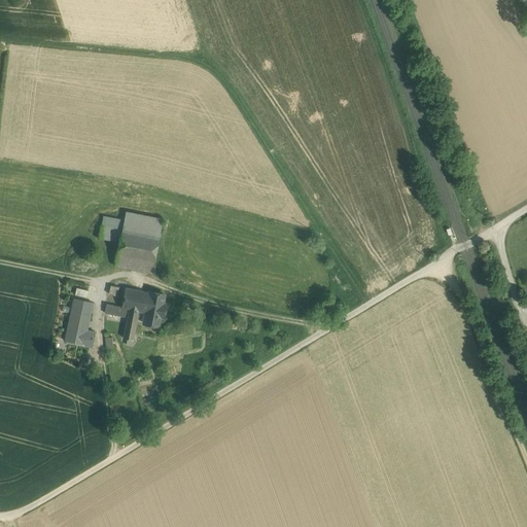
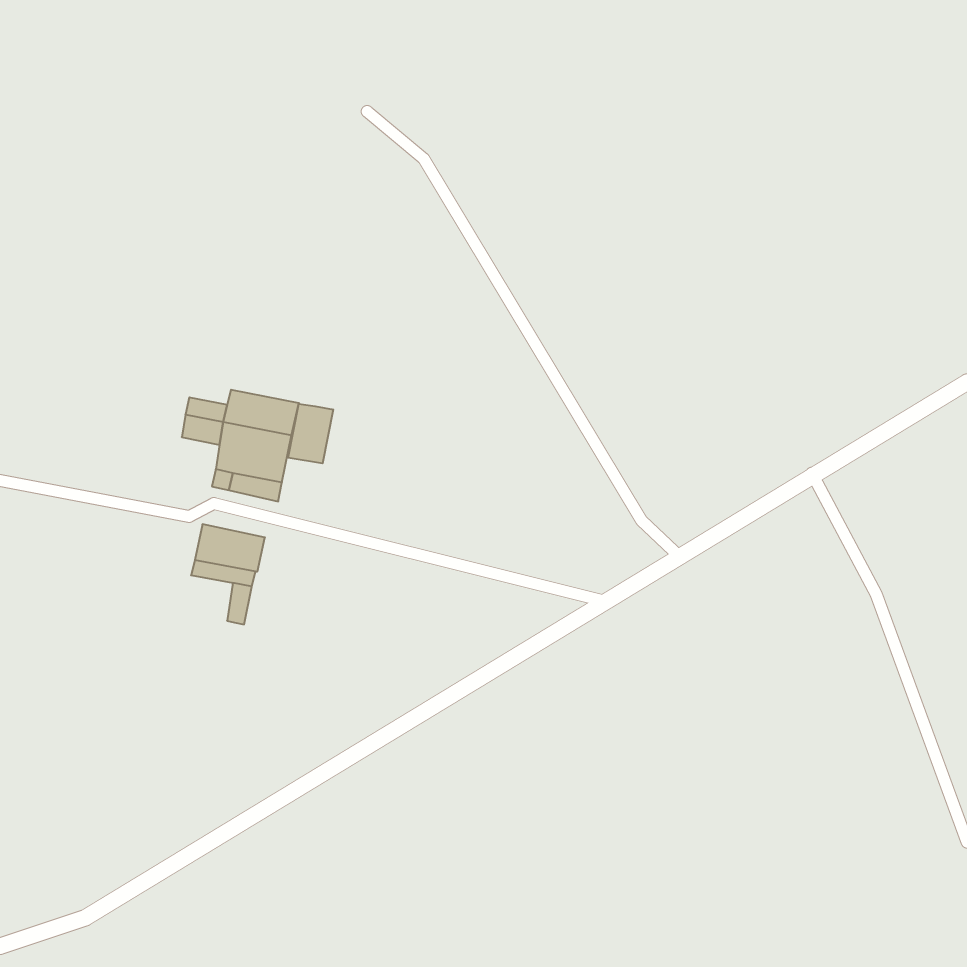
building: none -> [288,404,333,463]
building: [140,291,164,325] -> none
building: [65,298,96,347] -> none

